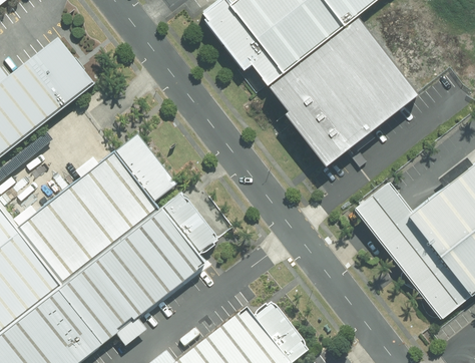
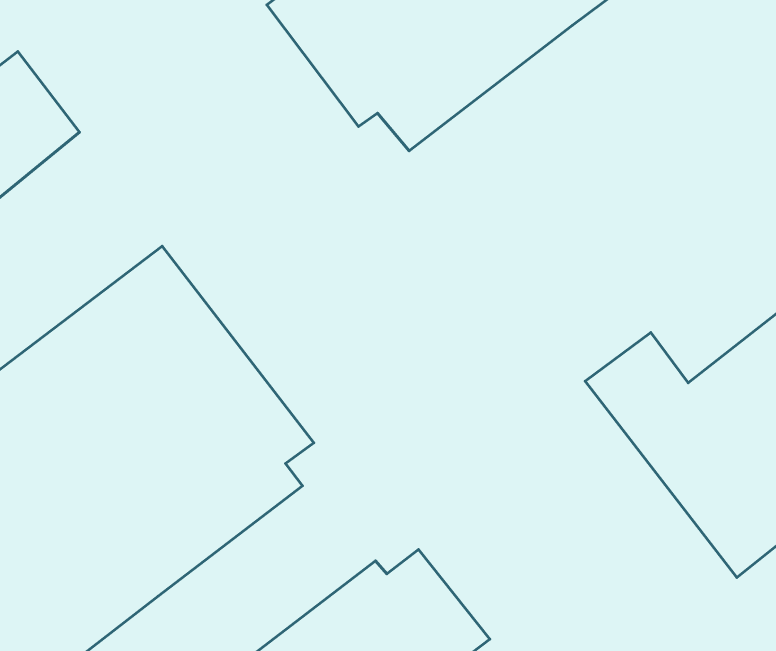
building: [266,21,413,165] -> none

